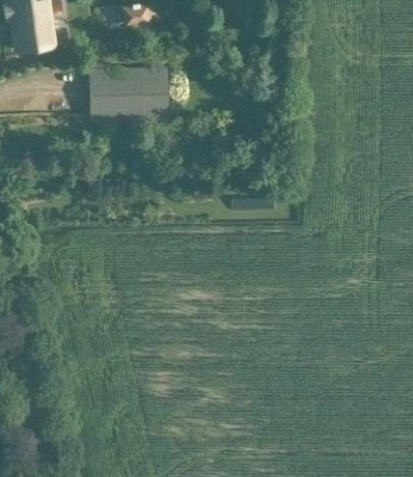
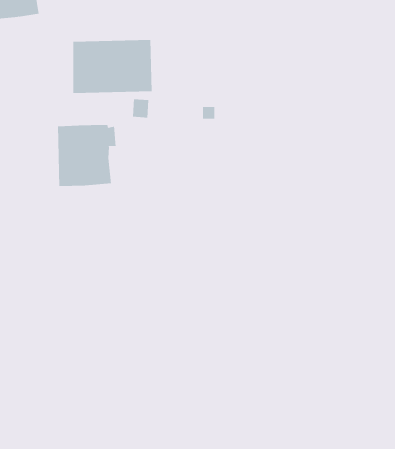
building: none -> [58,124,116,187]

